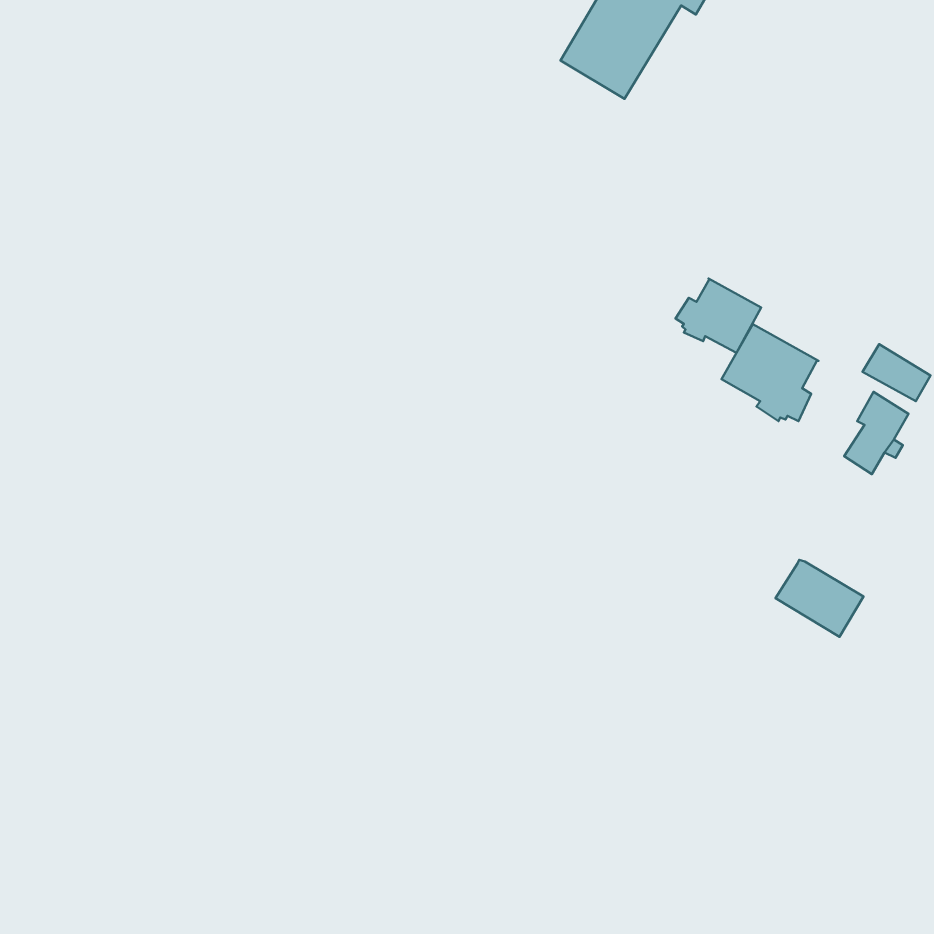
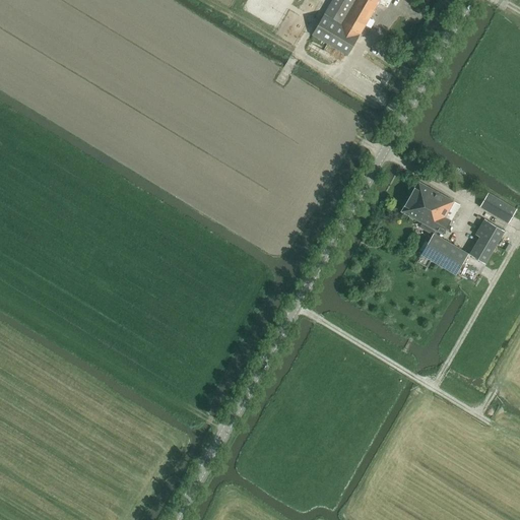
building: [675,278,761,353] -> none
building: [775,560,863,637] -> [419,232,468,274]

